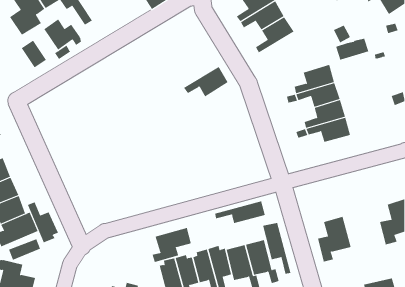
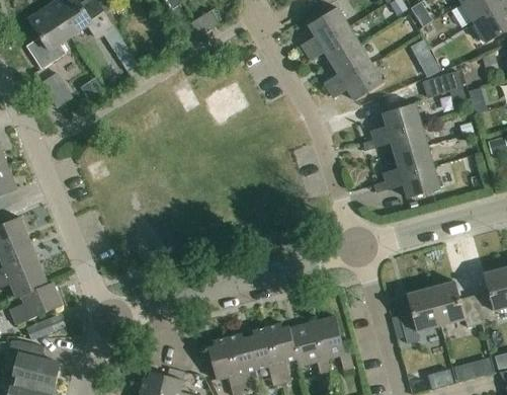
building: [44,18,82,51] -> none
building: [183,66,228,97] -> [328,63,383,100]
building: [215,200,265,224] -> none
building: [27,202,59,243] -> none
building: none -> [430,281,481,326]
building: [262,222,291,274] -> none
building: [152,227,191,263] -> none

